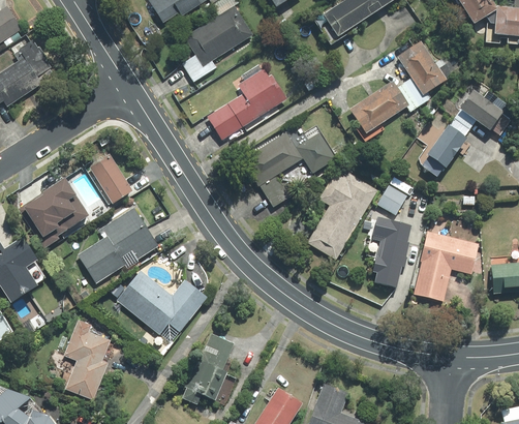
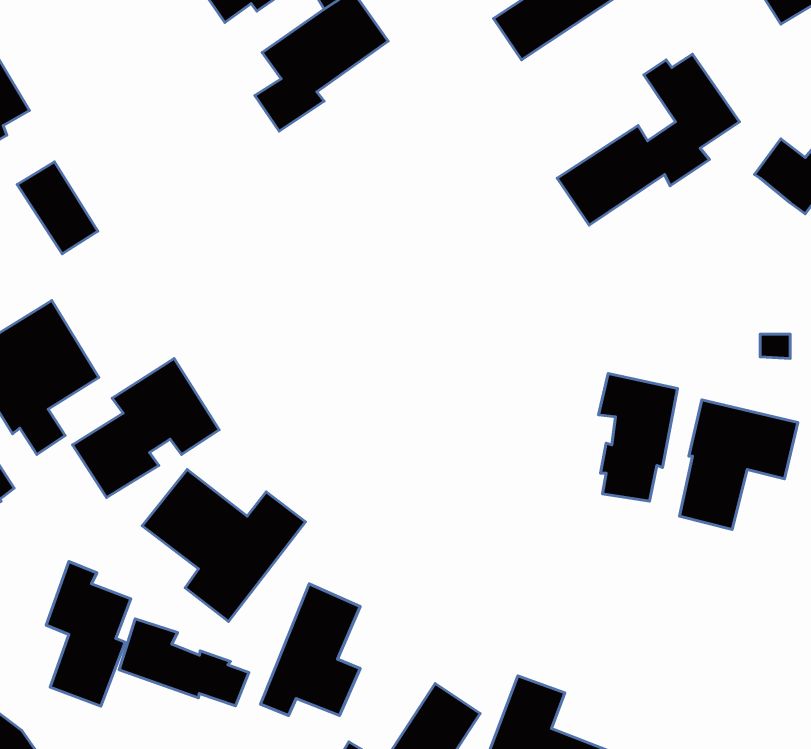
building: [209,67,286,140] -> none
building: [418,109,475,177] -> none
building: [241,132,335,208] -> none
building: [90,155,134,206] -> [17,162,98,254]
building: [306,172,376,260] -> none
building: [375,183,407,215] -> none
building: none -> [119,619,249,706]

